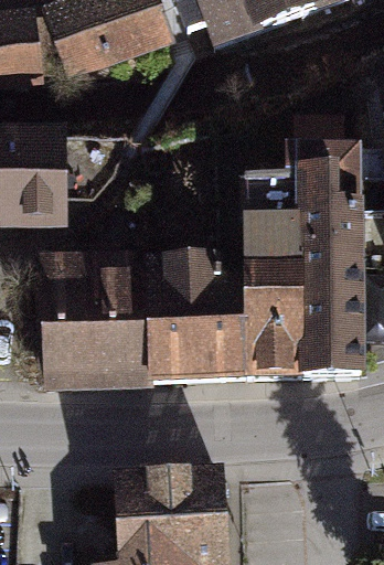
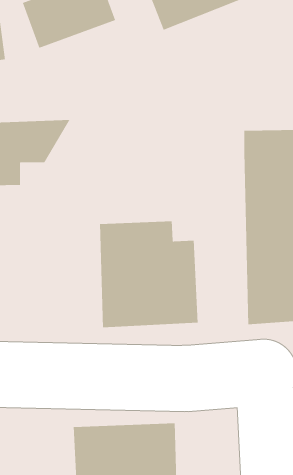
building: [245,185,307,375] -> none
building: [42,259,147,384] -> none

